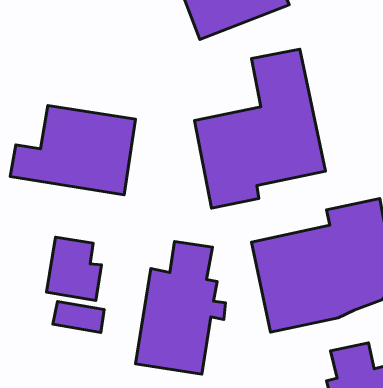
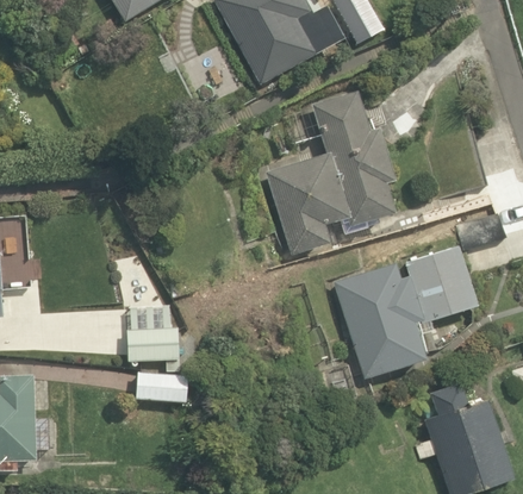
building: [10,106,135,195] -> none
building: [136,242,225,374] -> none

